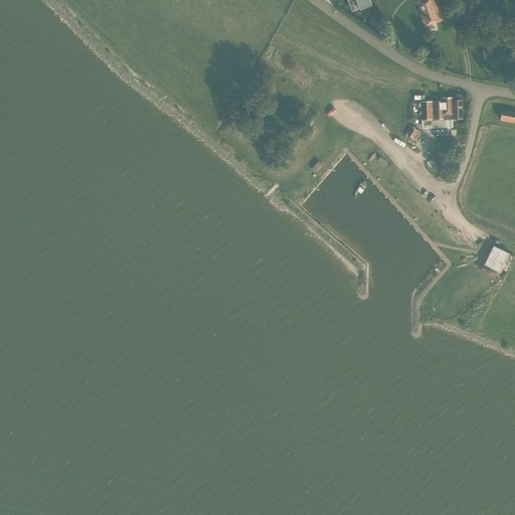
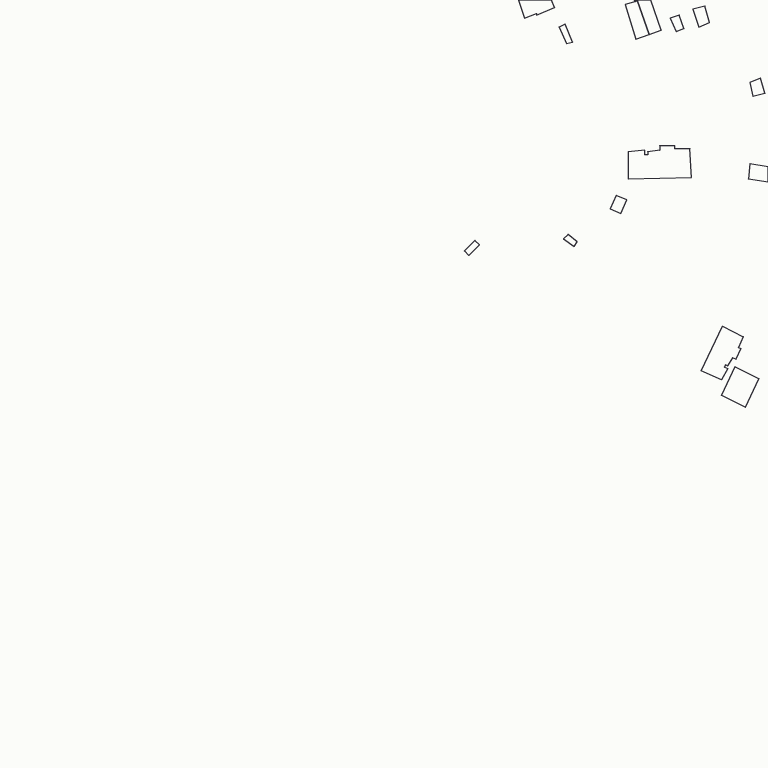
building: none -> [701,326,743,380]

